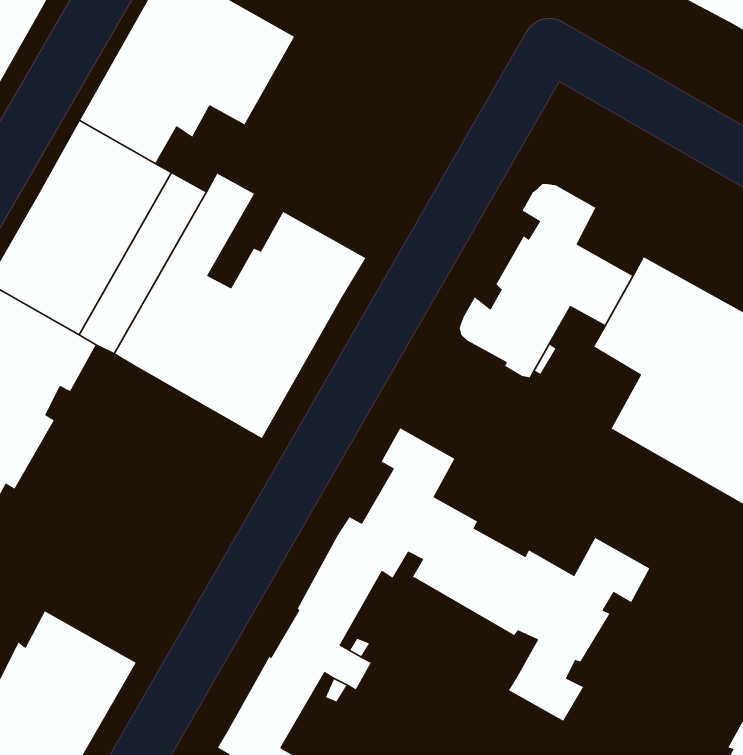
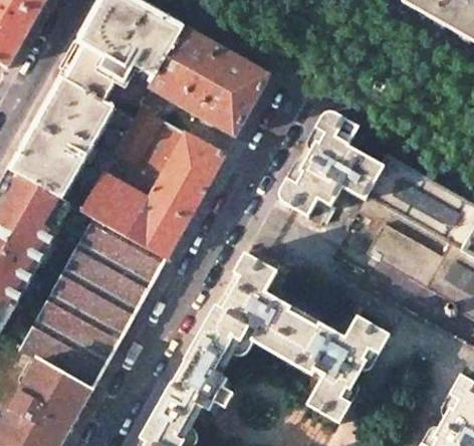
building: none -> [150,27,270,137]
building: none -> [20,217,166,388]

